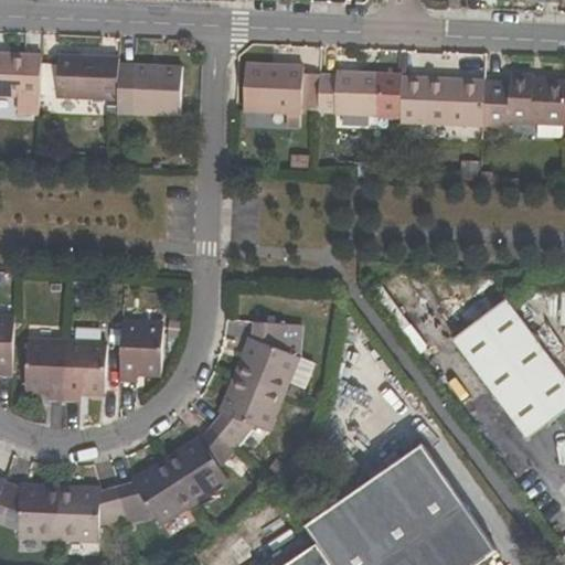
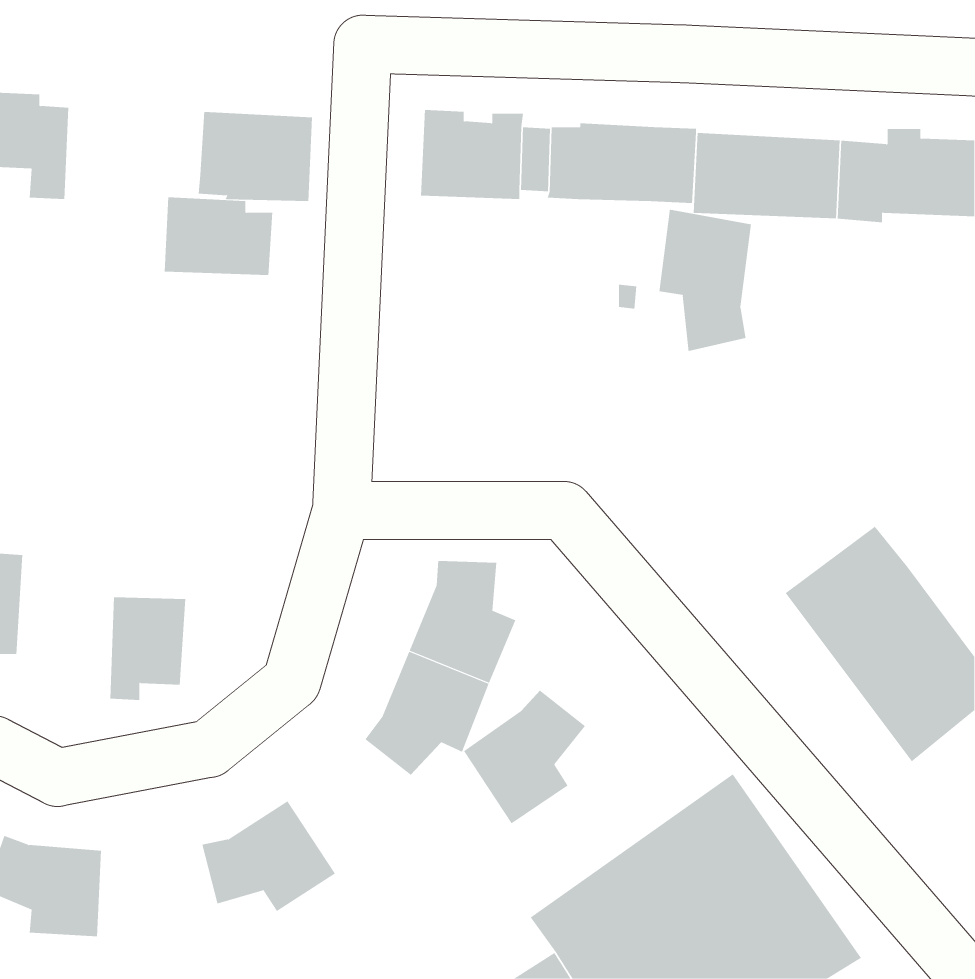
building: [54,55,117,100] -> [164,197,273,276]
building: none -> [659,209,751,352]
building: [117,324,162,383] -> none
building: [25,341,65,402] -> none
building: [166,425,236,502] -> [463,690,586,824]
building: [56,486,125,541] -> none

